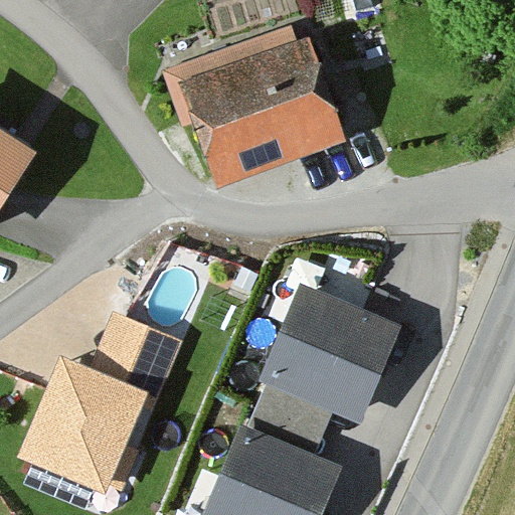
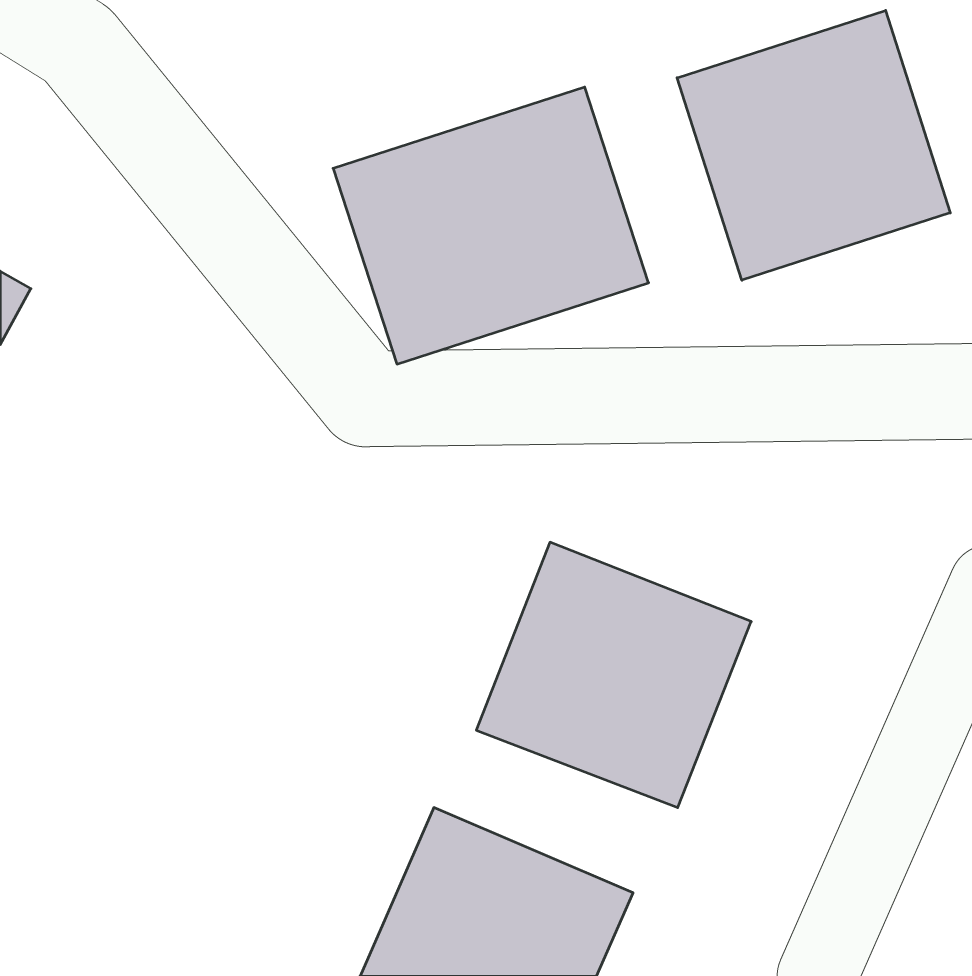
building: none -> [677,10,950,280]
building: [17,314,188,499] -> none

